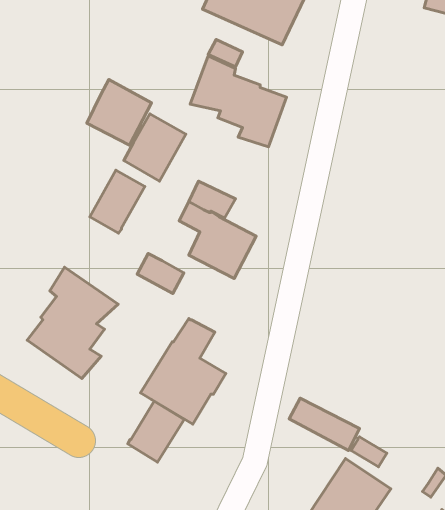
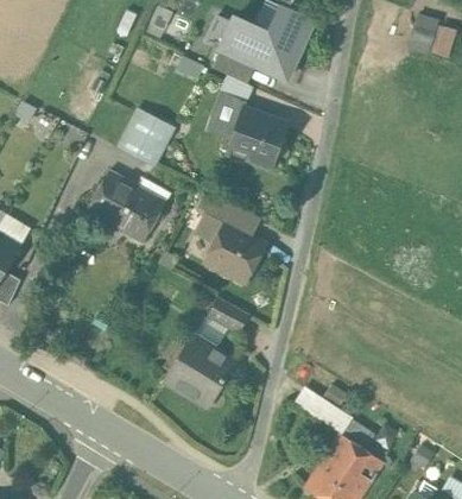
building: [124,114,186,181] -> [89,170,143,228]
building: [137,253,184,293] -> [208,298,248,333]
building: [27,267,118,379] -> none
building: [128,401,184,462] -> none

